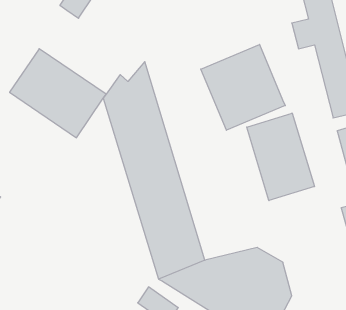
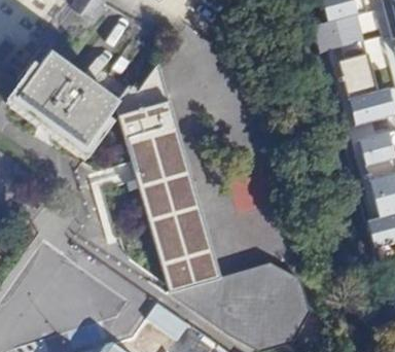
building: [201,44,285,130] -> none
building: [247,113,314,201] -> none

